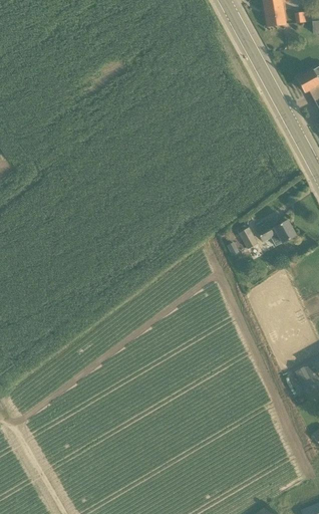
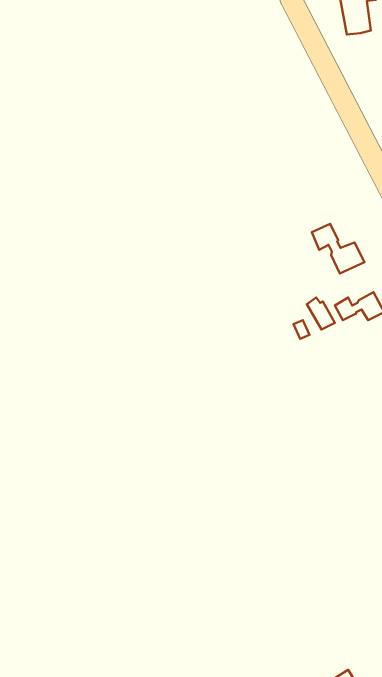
building: none -> [312,224,364,274]

